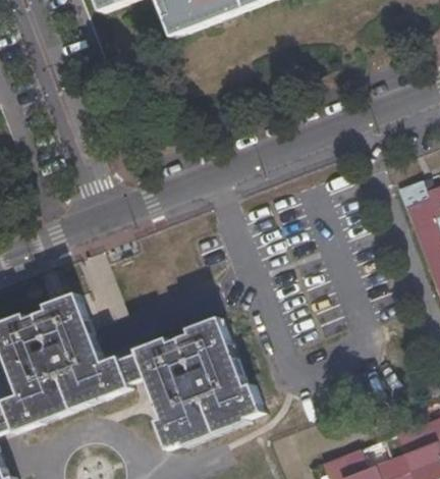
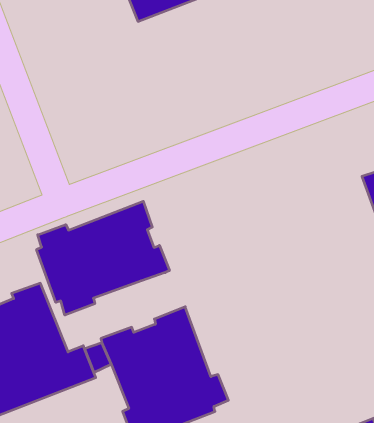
building: none -> [37,201,169,315]

